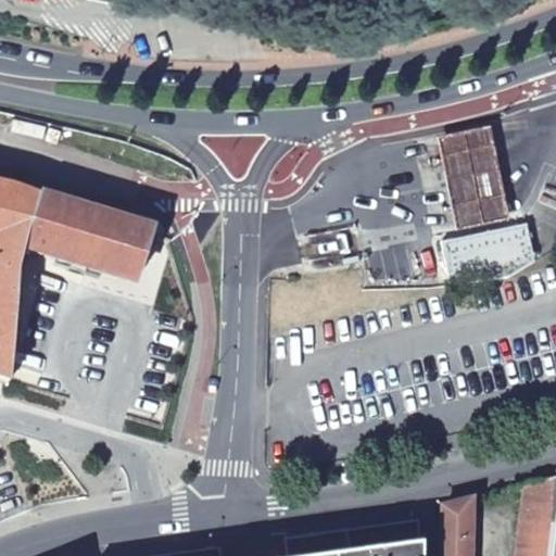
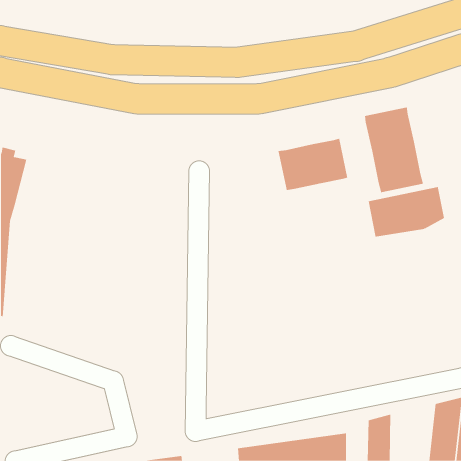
building: none -> [278,138,348,191]
building: [21,191,151,281] -> none

